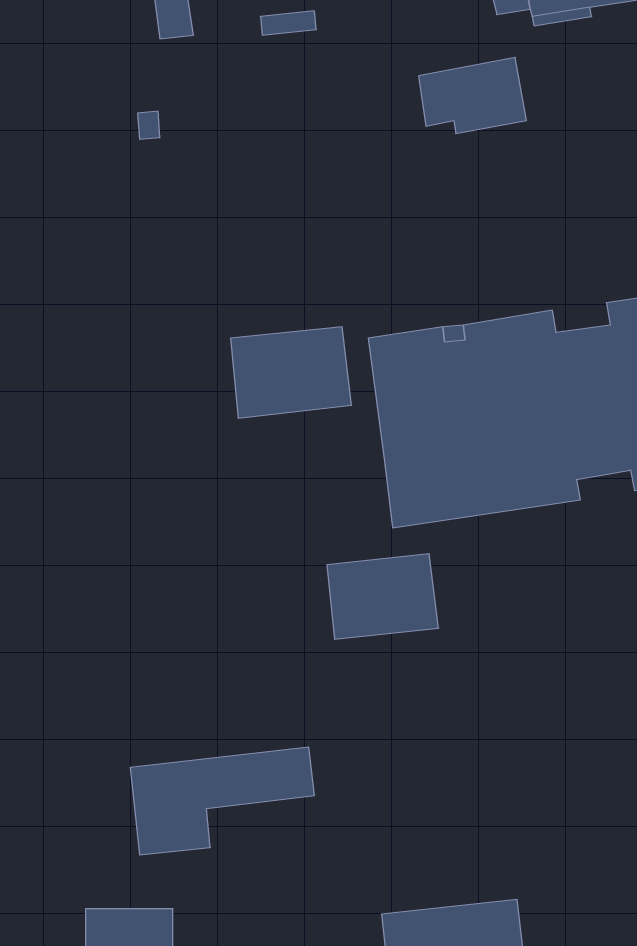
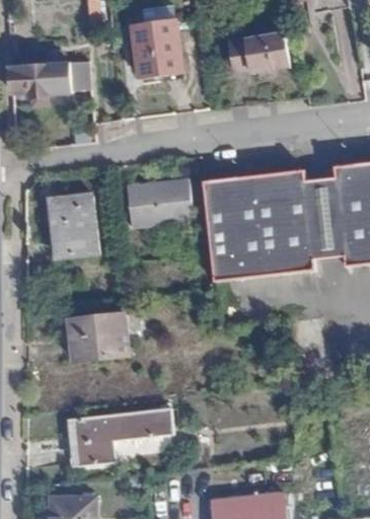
building: none -> [131,20,182,77]
building: none -> [8,62,71,107]
building: none -> [48,195,98,256]
building: [327,554,439,639] -> [68,314,129,361]

